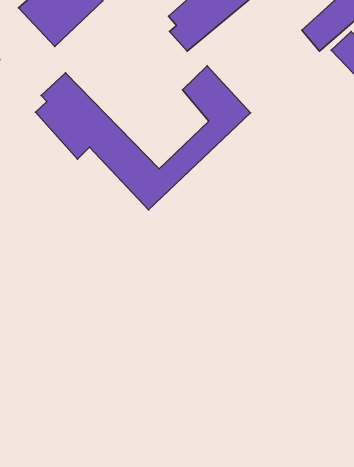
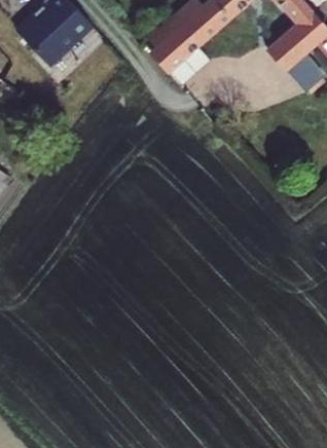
building: [35,66,251,210] -> none

